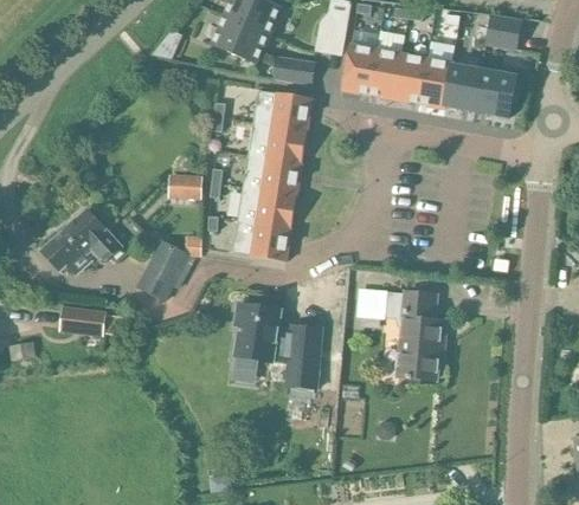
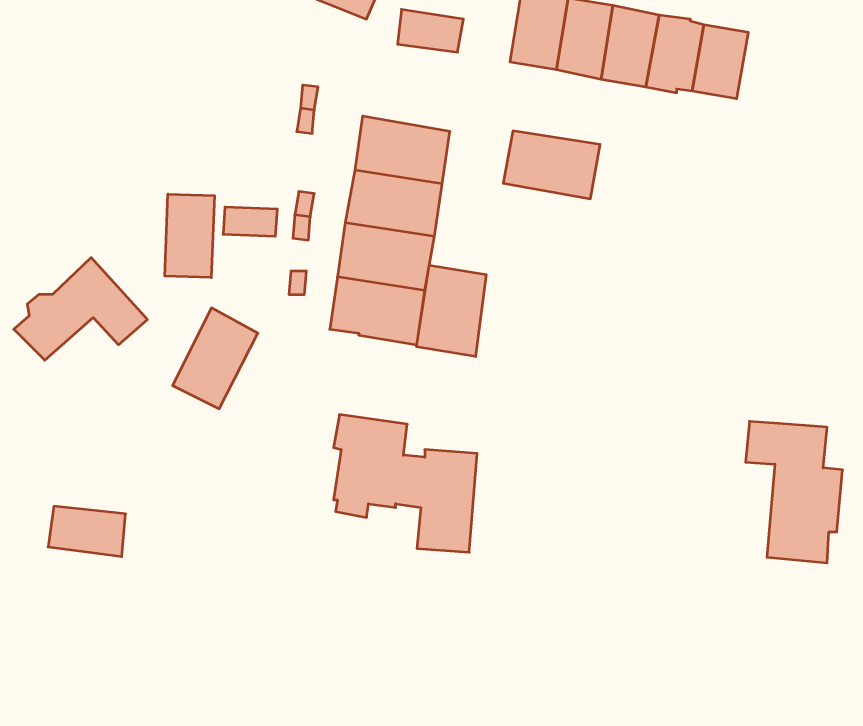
building: [482,71,517,116] -> none
building: [253,90,313,131] -> [503,131,600,199]
building: none -> [165,194,214,278]
building: none -> [417,265,486,357]
building: [386,292,445,378] -> [746,421,843,563]
building: [59,305,107,336] -> [48,506,126,557]

